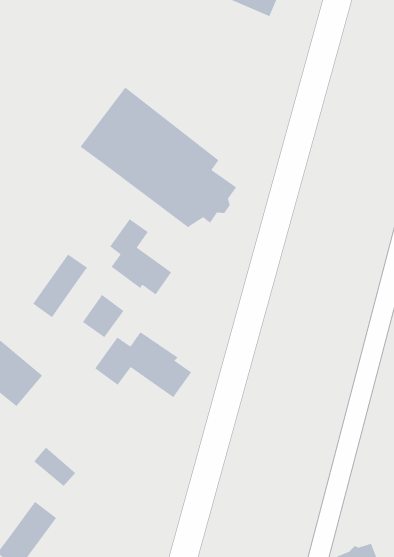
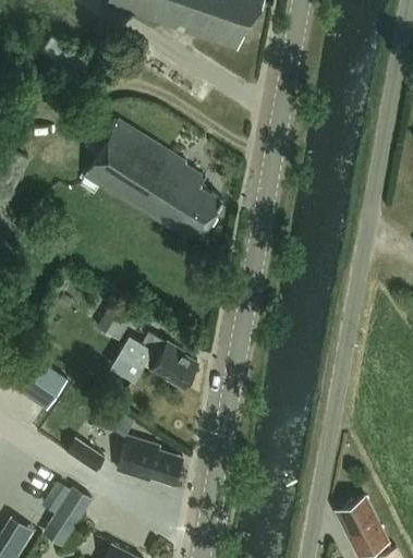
building: [109,218,172,295] -> none
building: [32,253,88,318] -> none
building: none -> [118,437,182,485]

